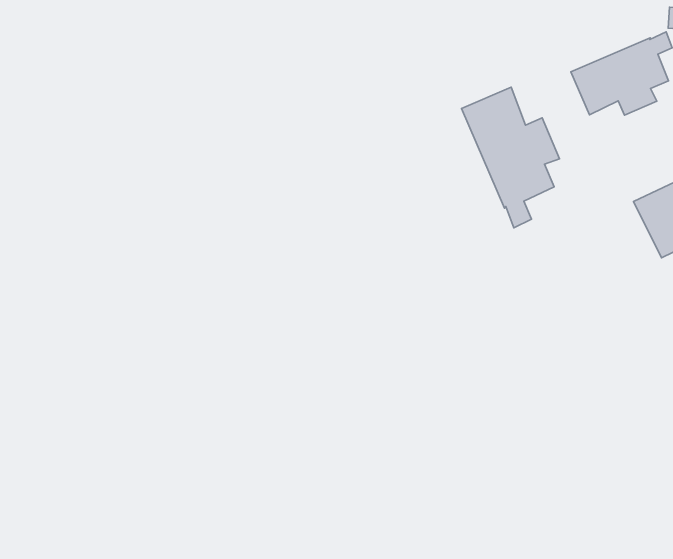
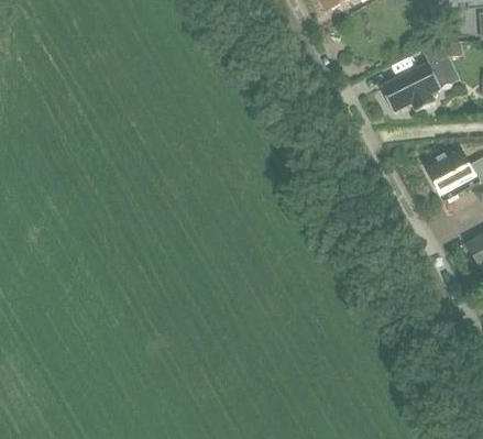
building: [462,87,560,228] -> none

